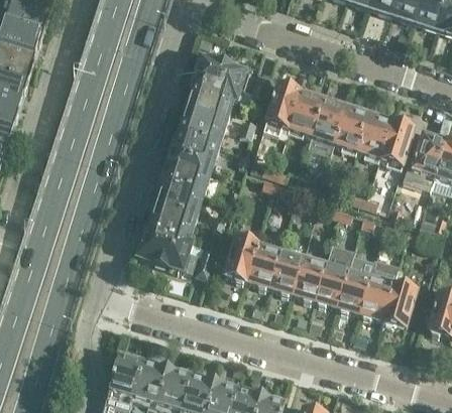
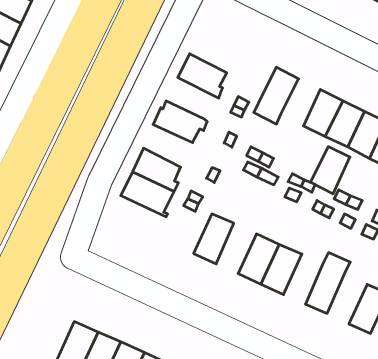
building: [193,57,270,106] -> none
building: [289,93,323,137] -> [311,147,350,194]
building: [177,108,227,144] -> none
building: [161,156,208,193] -> none
building: [136,229,216,276] -> none
building: [247,240,281,287] -> none
building: [316,260,349,307] -> none
building: [360,273,394,320] -> none

